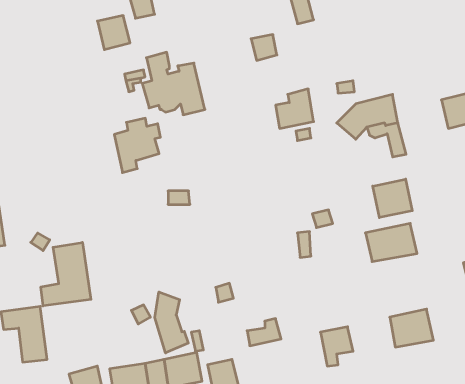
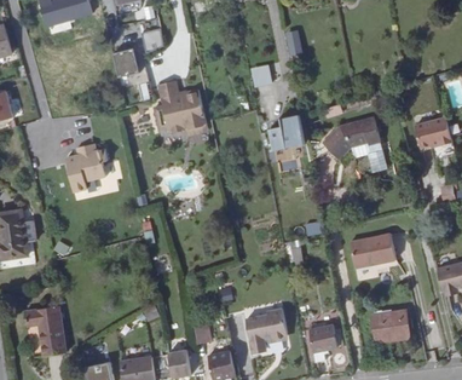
building: [114,118,160,173] -> [67,145,108,194]
building: [373,179,412,218] -> none
building: [41,242,91,306] -> none
building: [155,292,188,353] -> none

